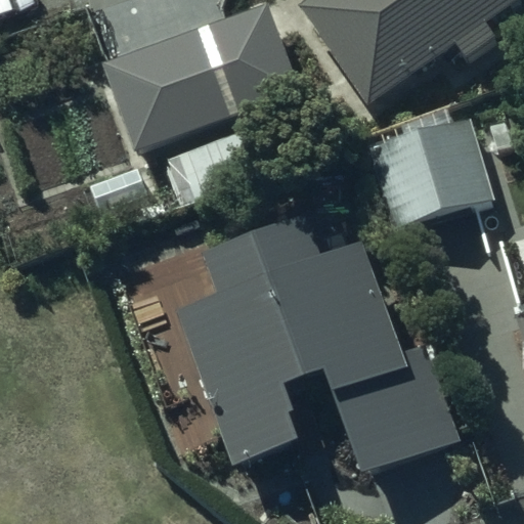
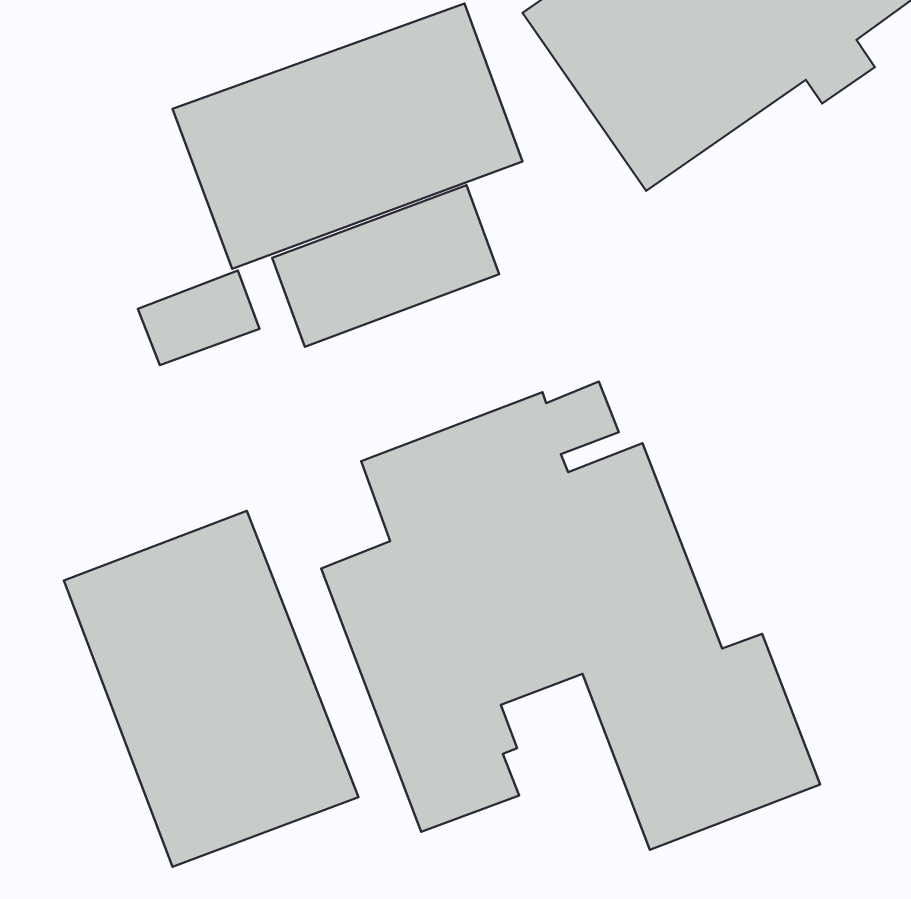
building: [367,116,494,228] -> none
building: none -> [64,511,358,867]

